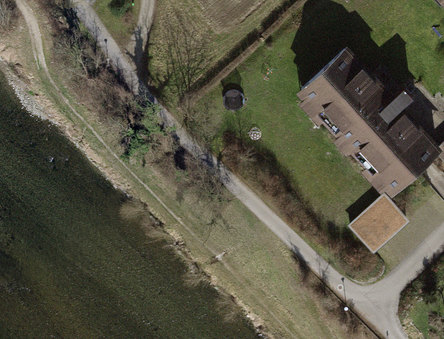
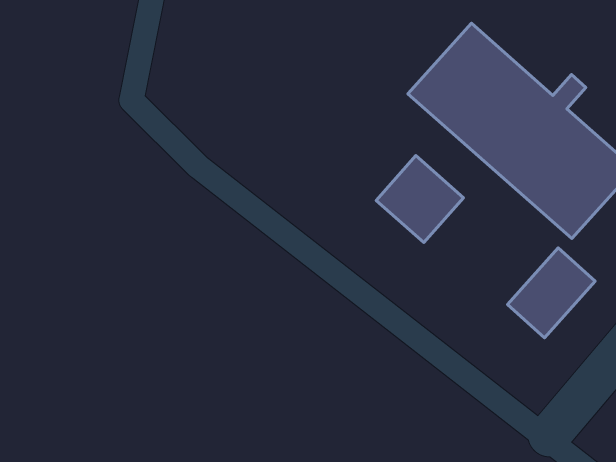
building: none -> [376,156,463,243]

